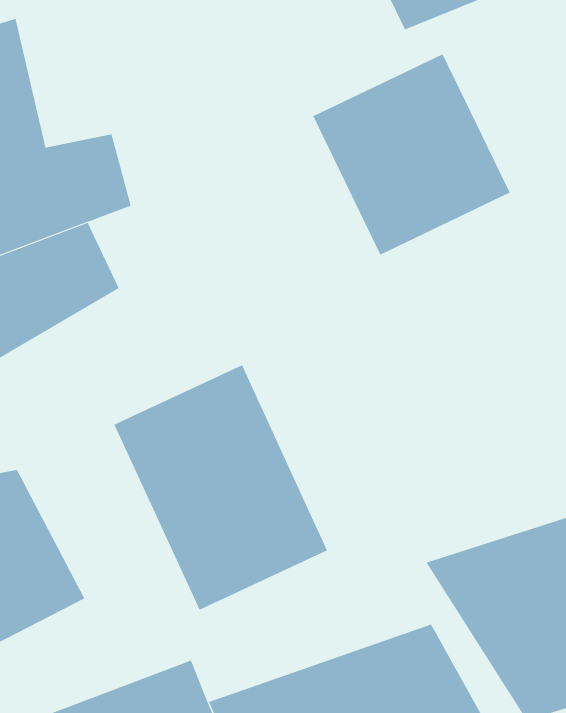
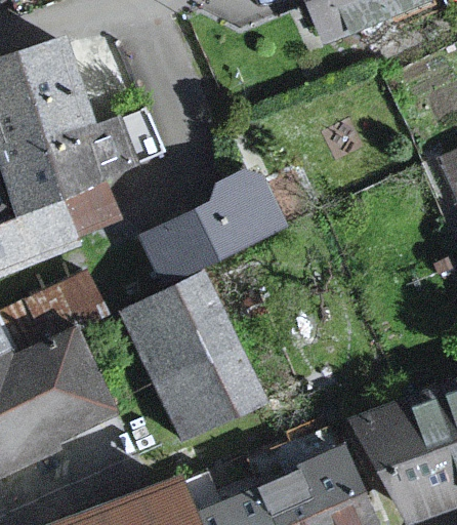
building: [313,53,510,255] -> none
building: none -> [134,170,292,290]

